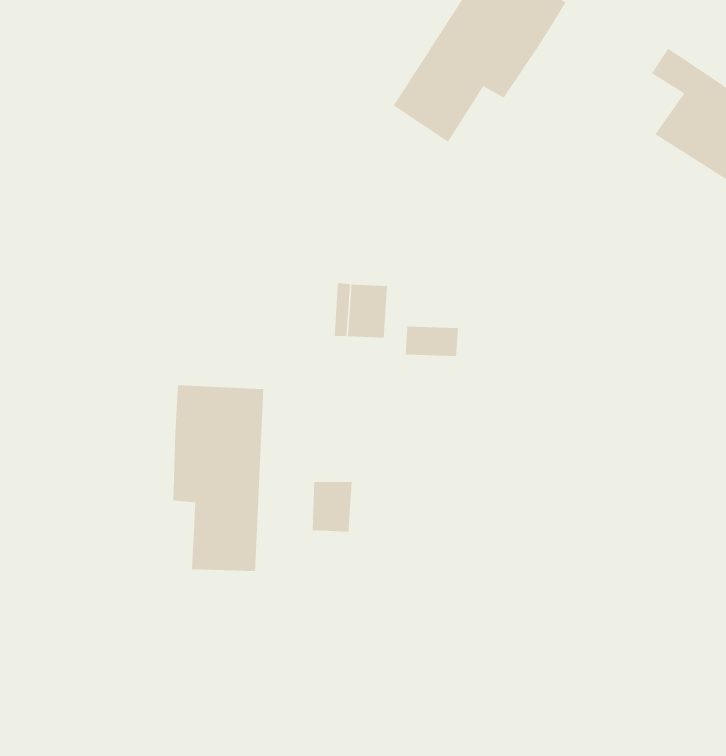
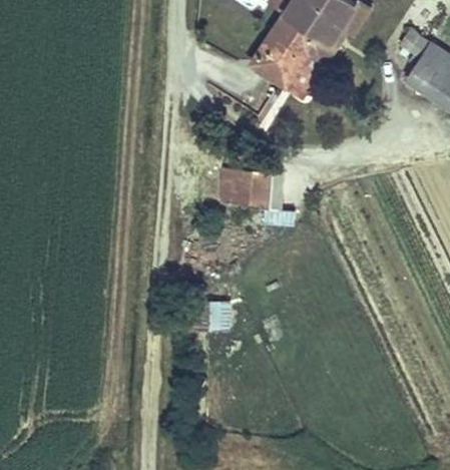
building: none -> [283,27,345,98]
building: [173,385,264,572] -> none

